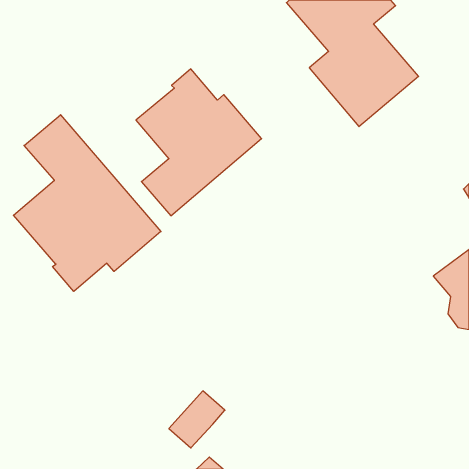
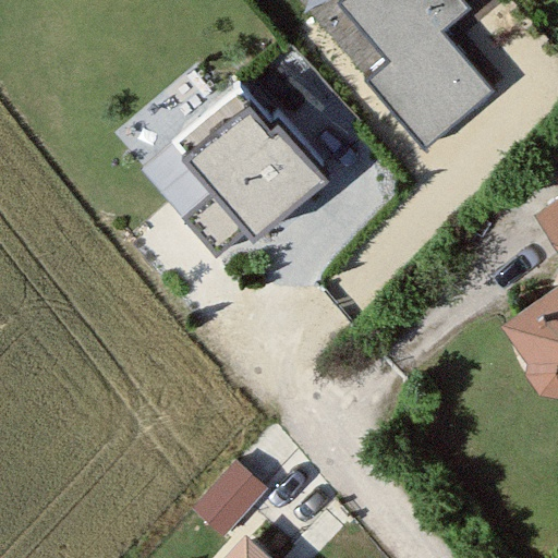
building: [13,115,161,291] -> none

